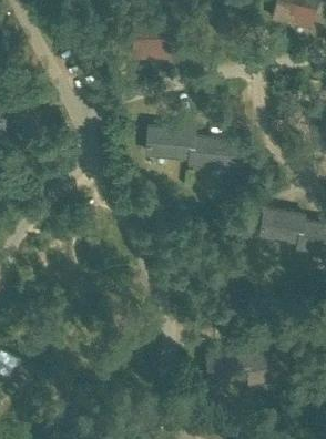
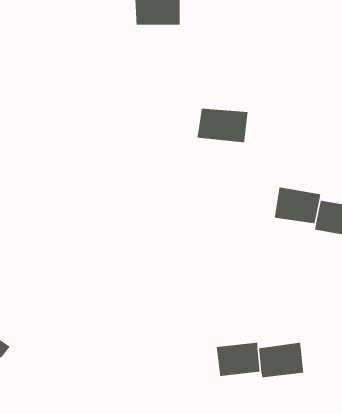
building: [146,126,194,159] -> none

